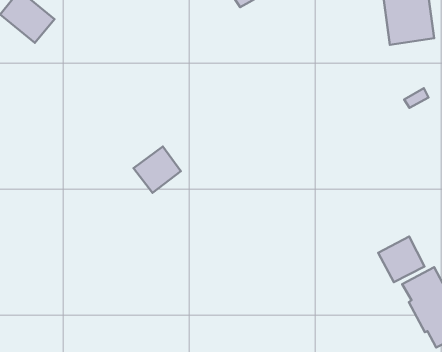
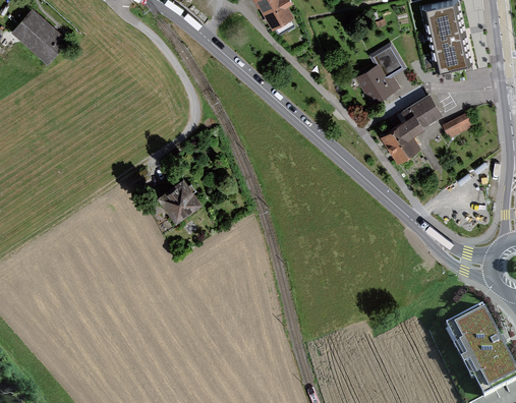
building: none -> [355,51,405,104]
building: none -> [388,98,443,160]
building: [378,236,425,282] -> none

